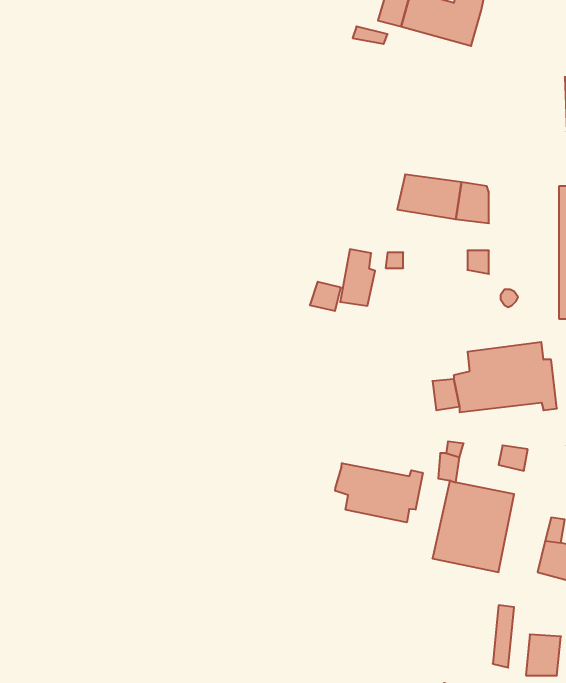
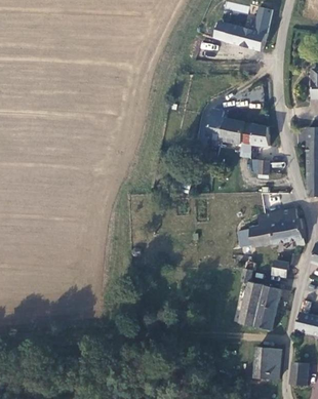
building: [340,249,375,306] -> [207,110,226,139]
building: [335,463,423,522] -> none
building: none -> [256,347,275,378]

